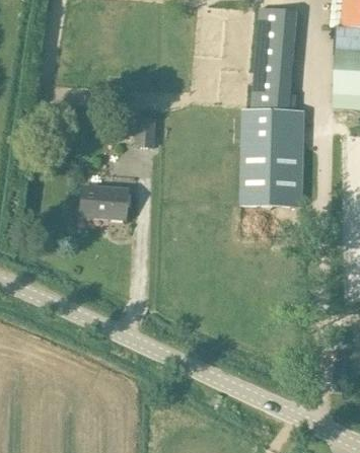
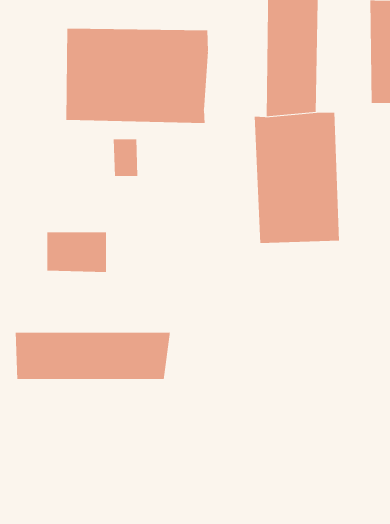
building: none -> [66,28,208,124]
building: none -> [15,332,170,380]

